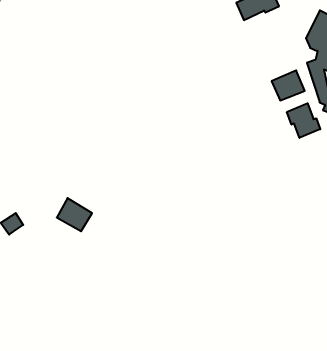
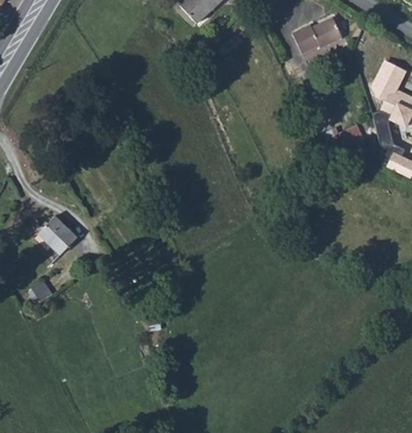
building: [287,103,320,138] -> none
building: [57,198,92,231] -> [43,209,82,246]

